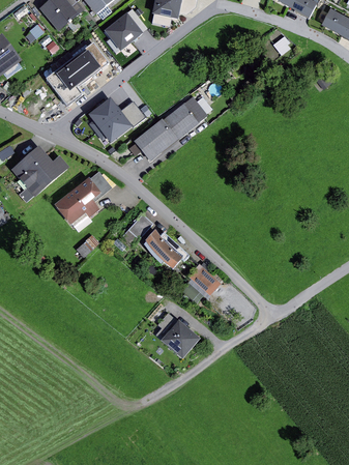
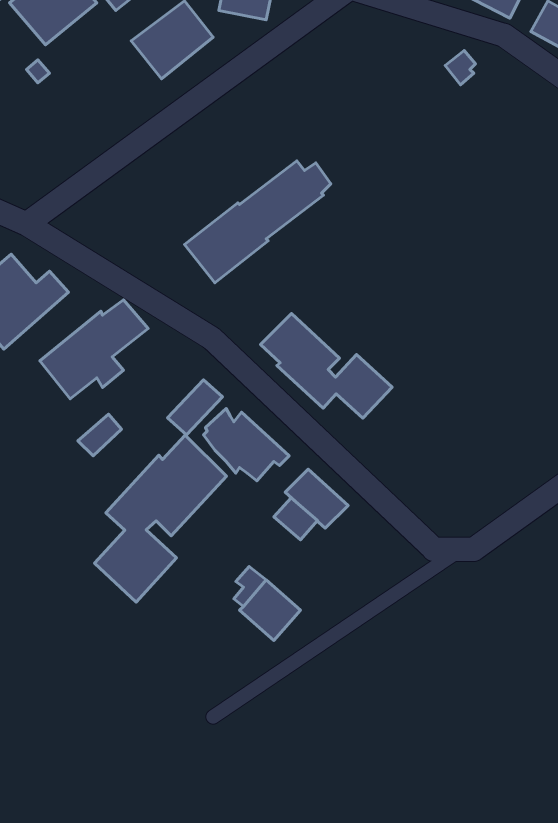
building: [45,41,109,106] -> none
building: [90,96,134,142] -> none
building: none -> [261,314,392,418]
building: none -> [95,435,226,602]

